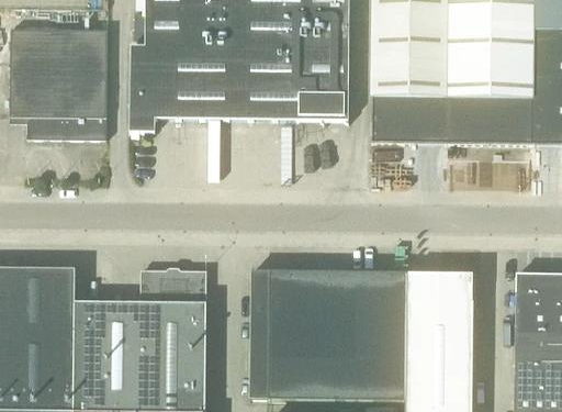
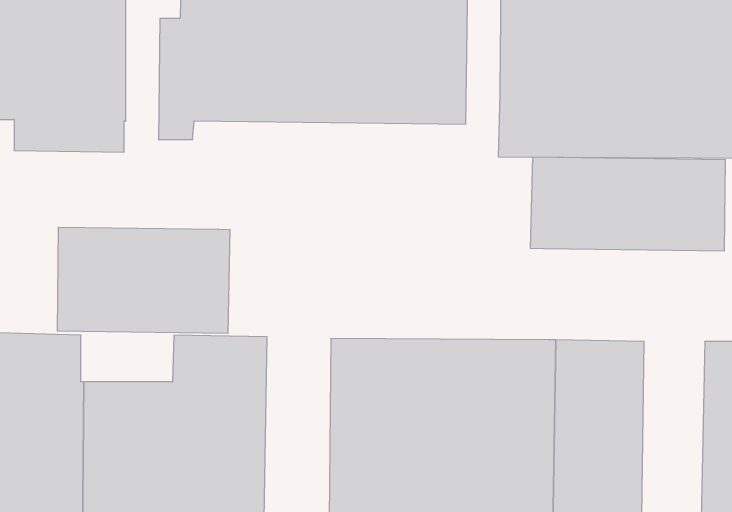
building: none -> [530,157,725,251]
building: none -> [58,227,230,333]

